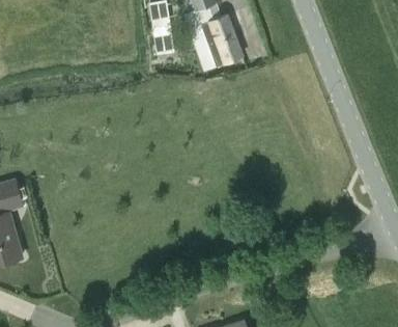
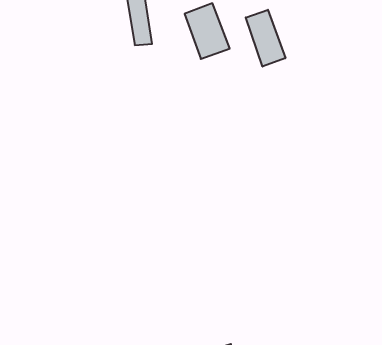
building: none -> [246,10,285,67]

